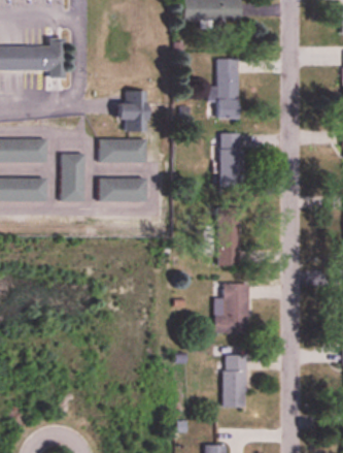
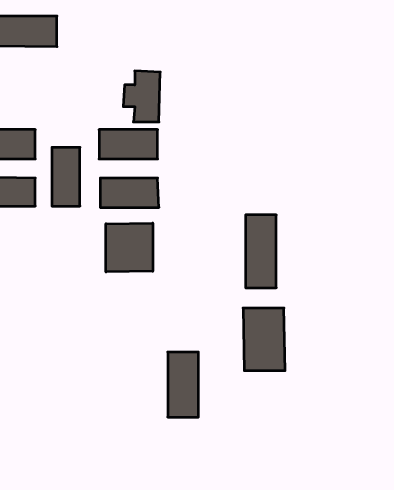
building: [208,58,239,118] -> none
building: [219,132,244,187] -> none
building: none -> [106,223,153,272]
building: [222,354,247,407] -> [168,352,198,417]

